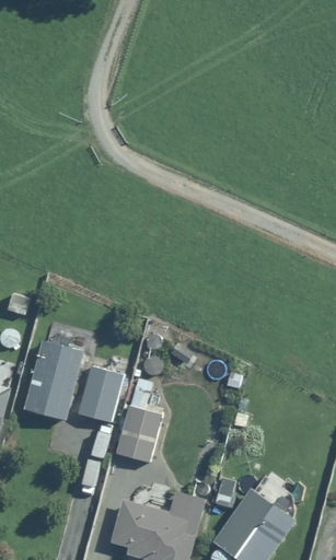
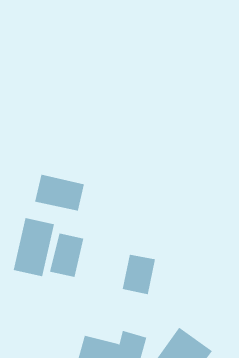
building: none -> [34,174,85,211]
building: [116,408,162,463] -> [122,254,156,295]

